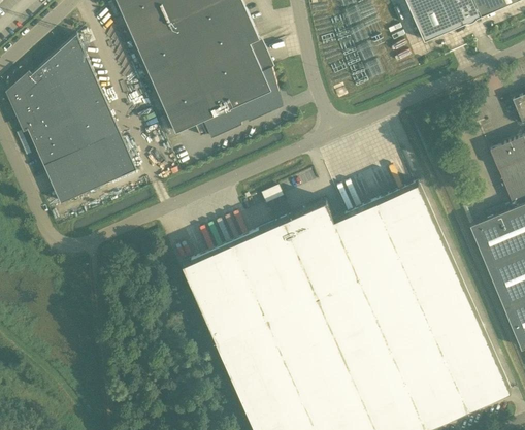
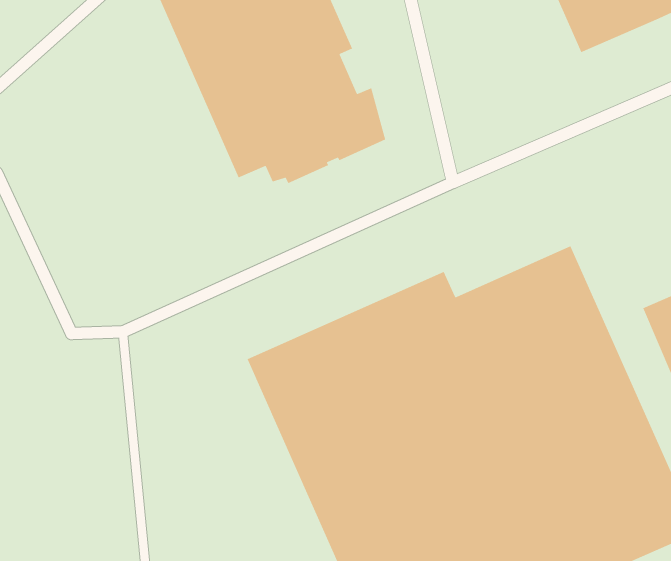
building: [7,35,136,203] -> none

